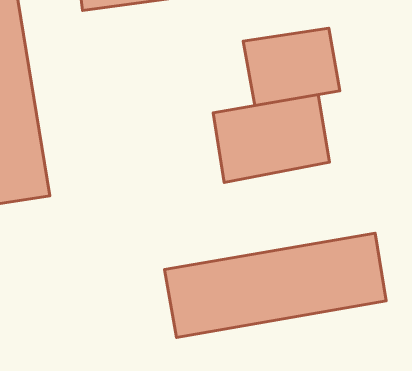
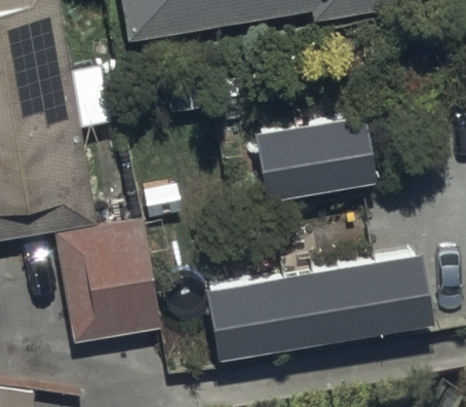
building: [243,28,340,105] -> none
building: none -> [50,212,164,335]

